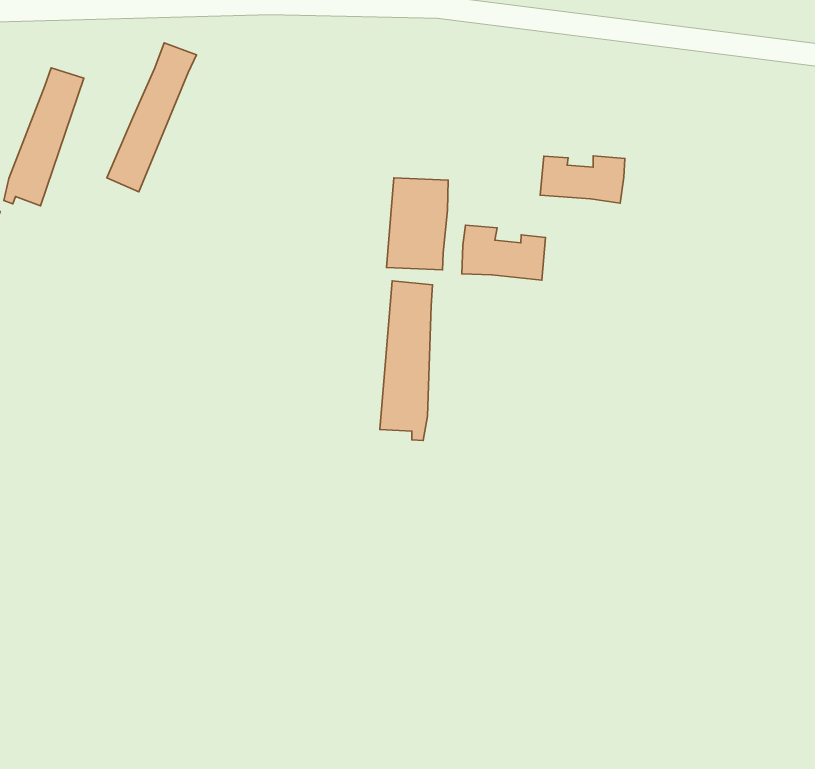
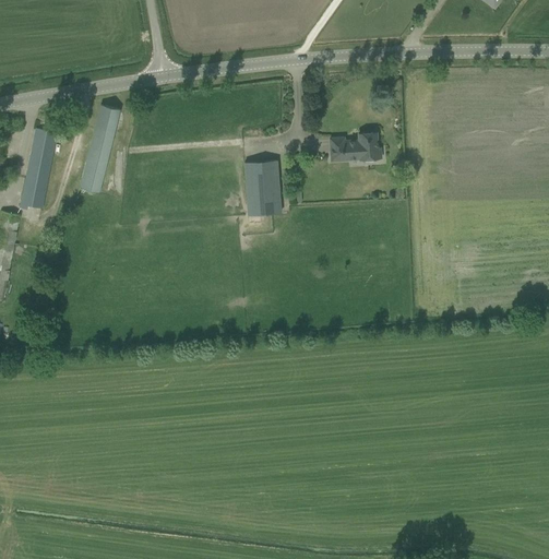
building: [462,225,545,280] -> none
building: [380,281,433,440] -> none

